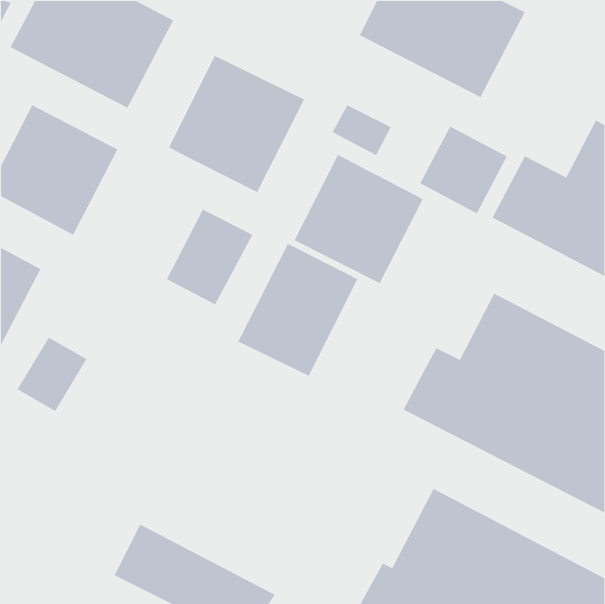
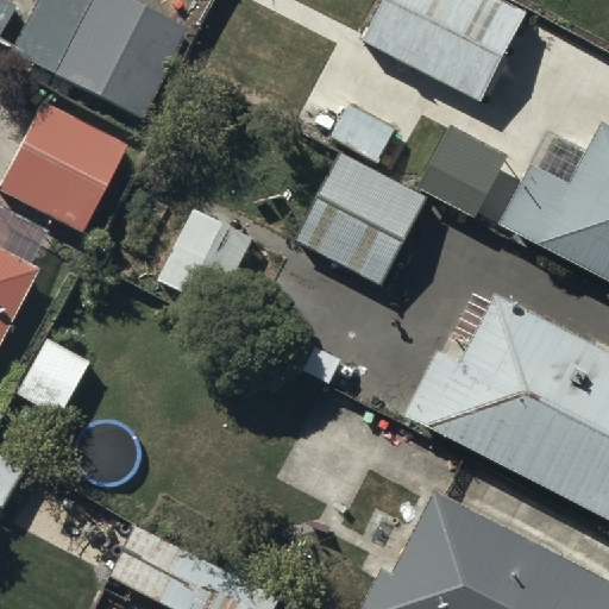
building: [168,55,305,193] -> none
building: [237,243,358,377] -> none

